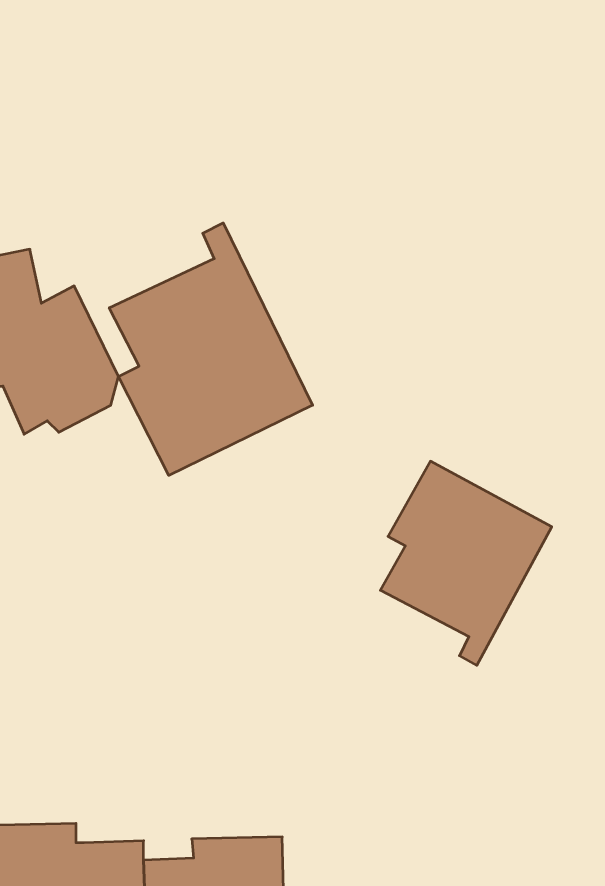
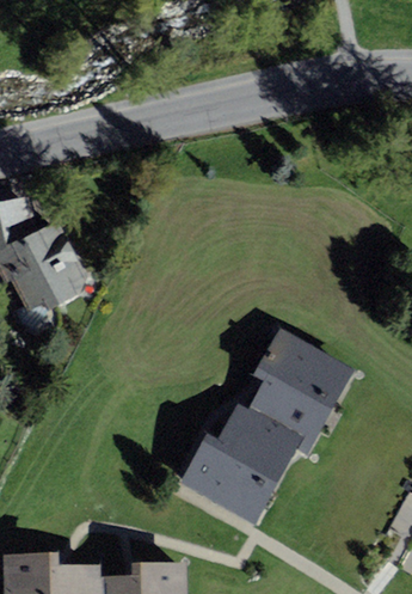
building: [109,223,313,475] -> none
building: none -> [179,403,302,523]

